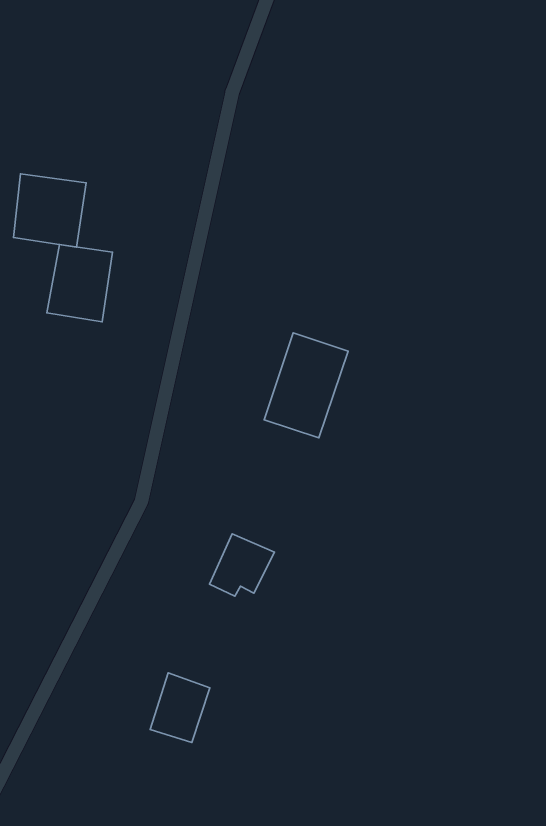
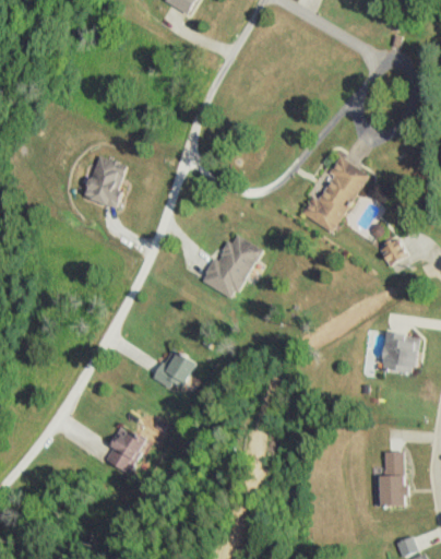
building: [14,174,86,247] -> none
building: none -> [302,155,368,231]

